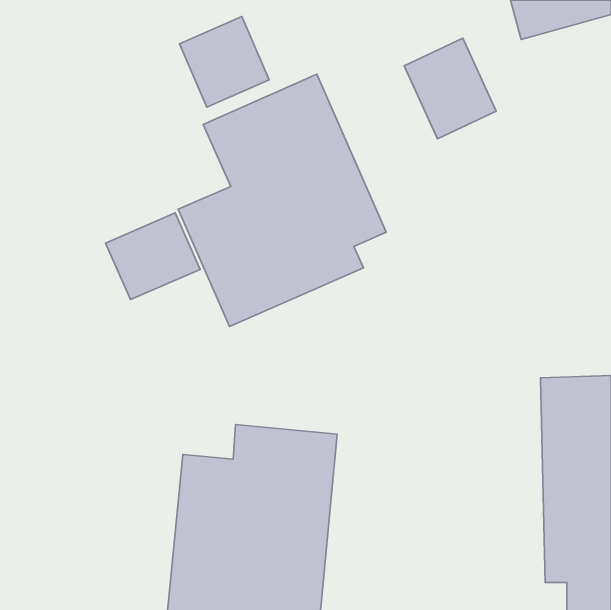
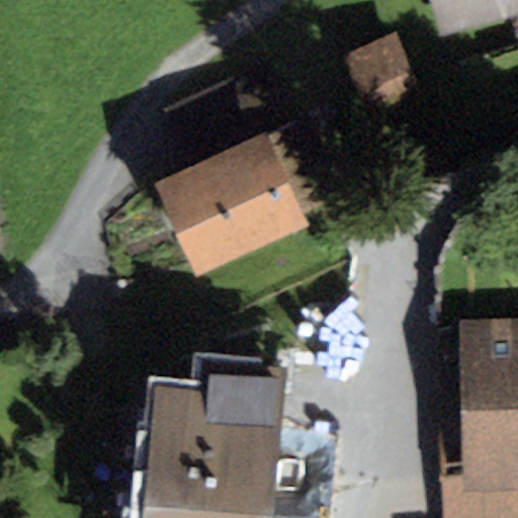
building: [180,16,269,107] -> none
building: [106,213,200,300] -> none

